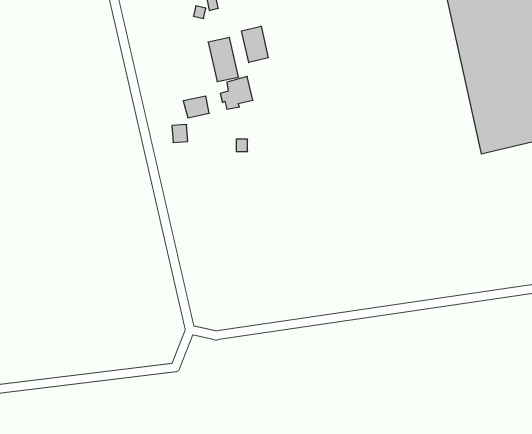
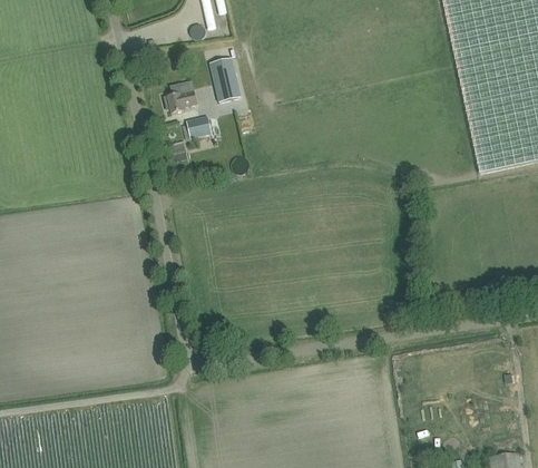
building: [242,26,268,63] -> none
building: [220,76,253,109] -> [165,80,197,113]

